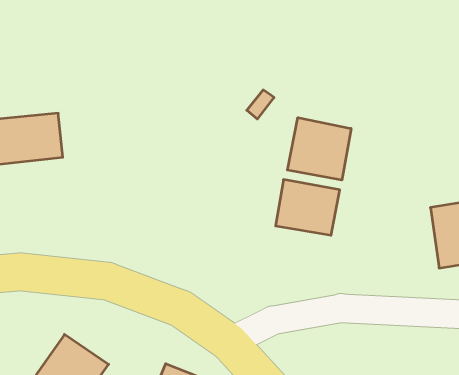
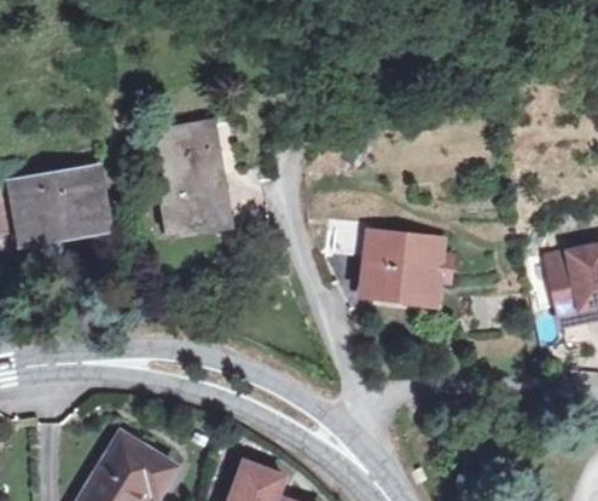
building: none -> [155,127,228,230]
building: [287,118,351,180] -> none

